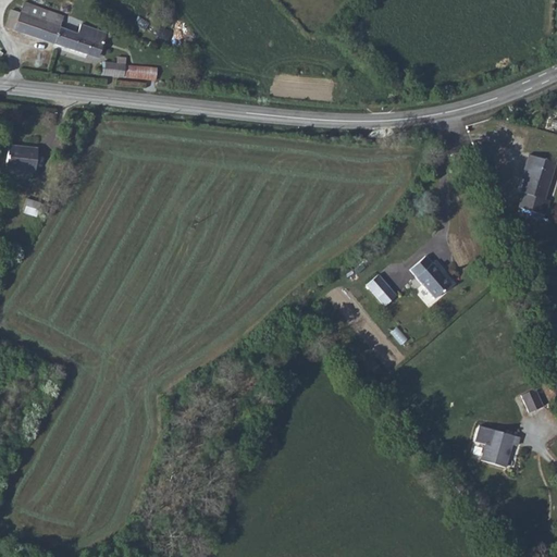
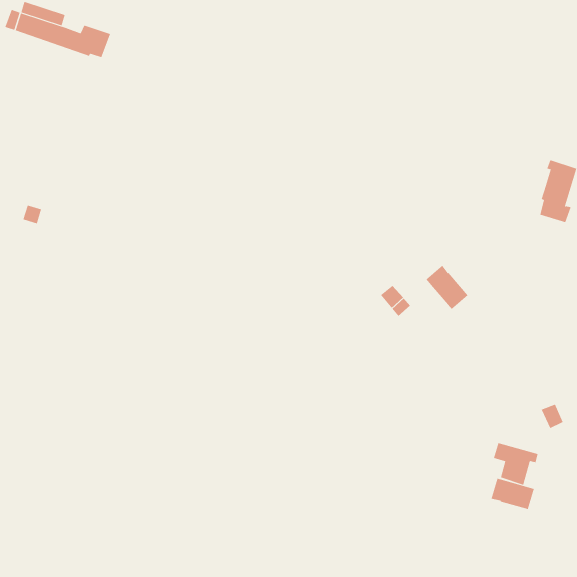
building: [102,55,158,79] -> none
building: [7,145,38,171] -> none
building: none -> [491,478,535,510]

